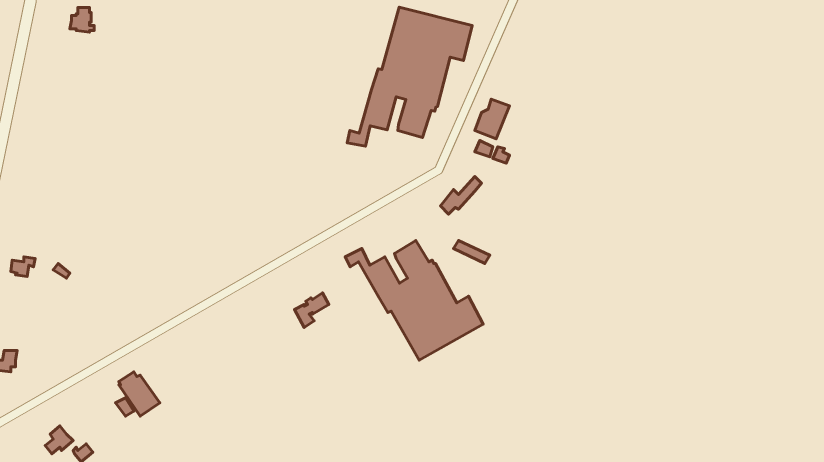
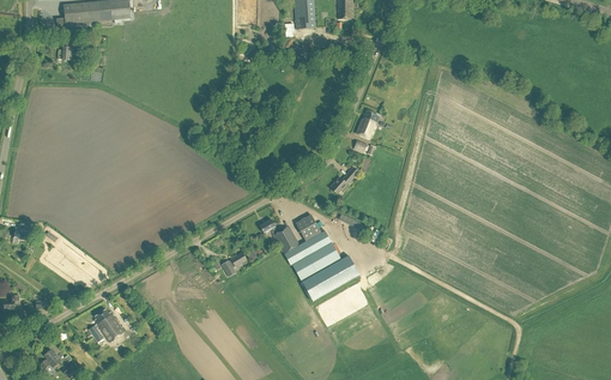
building: [347,7,472,146] -> none

